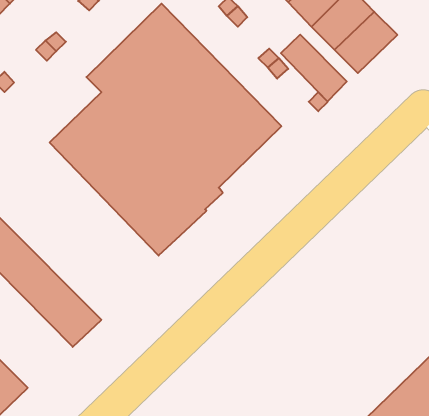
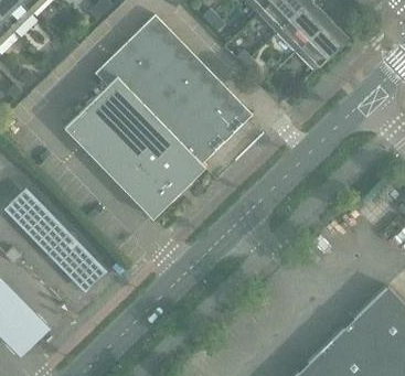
building: [281,35,347,102] -> none

